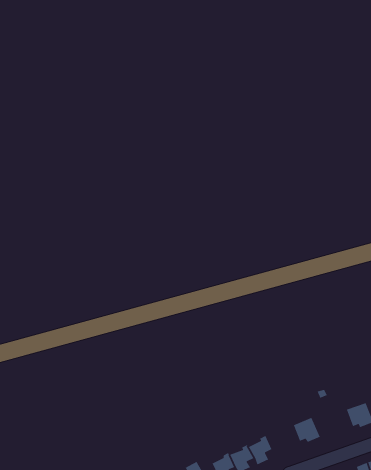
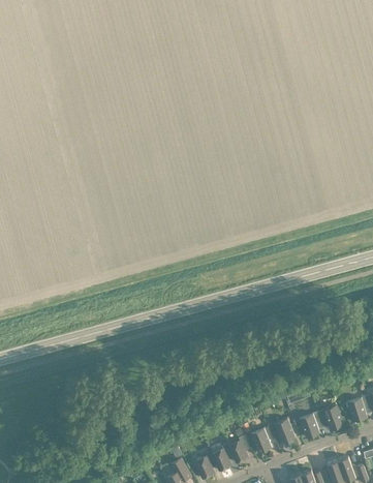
building: none -> [300,411,324,437]
building: none -> [251,425,276,452]

